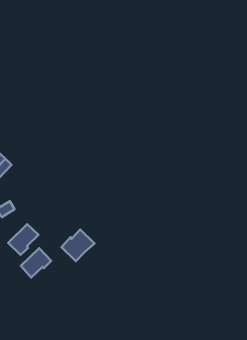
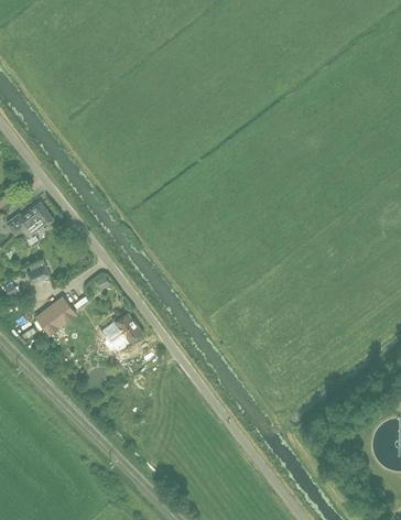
building: [21,248,51,277] -> none

